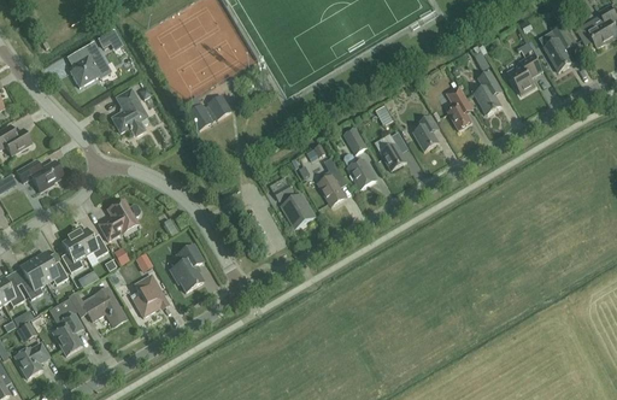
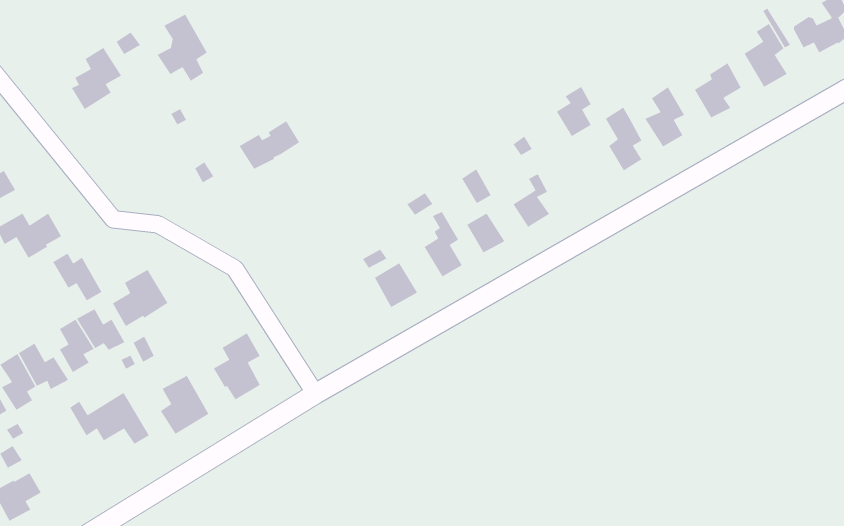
building: [110,88,146,136] -> [156,13,208,82]
building: [412,114,437,151] -> [556,86,592,137]
building: none -> [52,253,102,301]
building: [52,312,82,354] -> none

